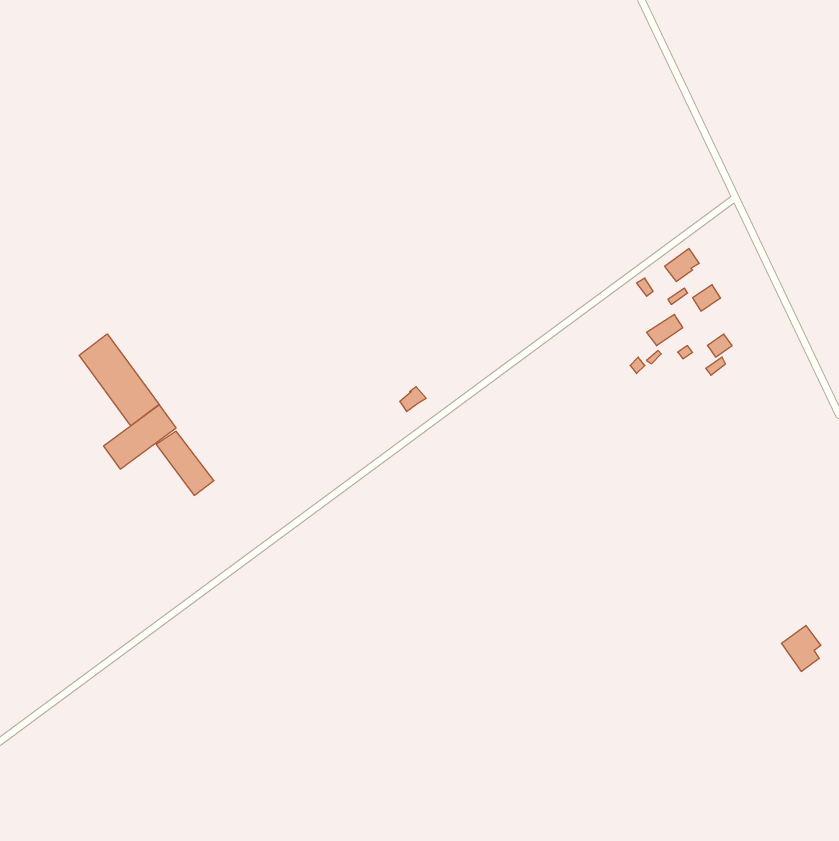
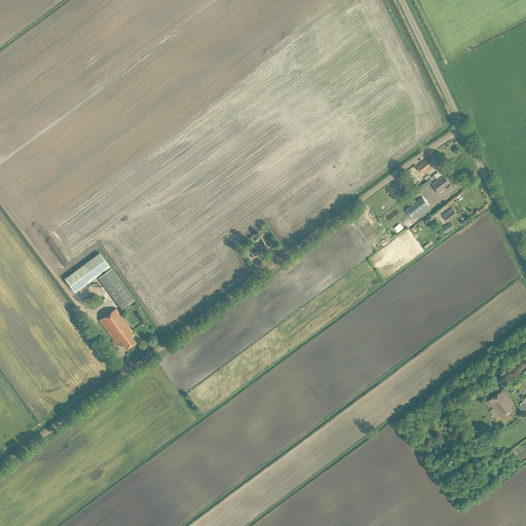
building: [79,334,159,426] -> none
building: none -> [98,308,135,349]

